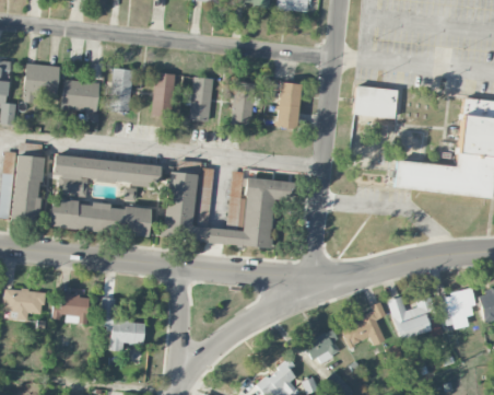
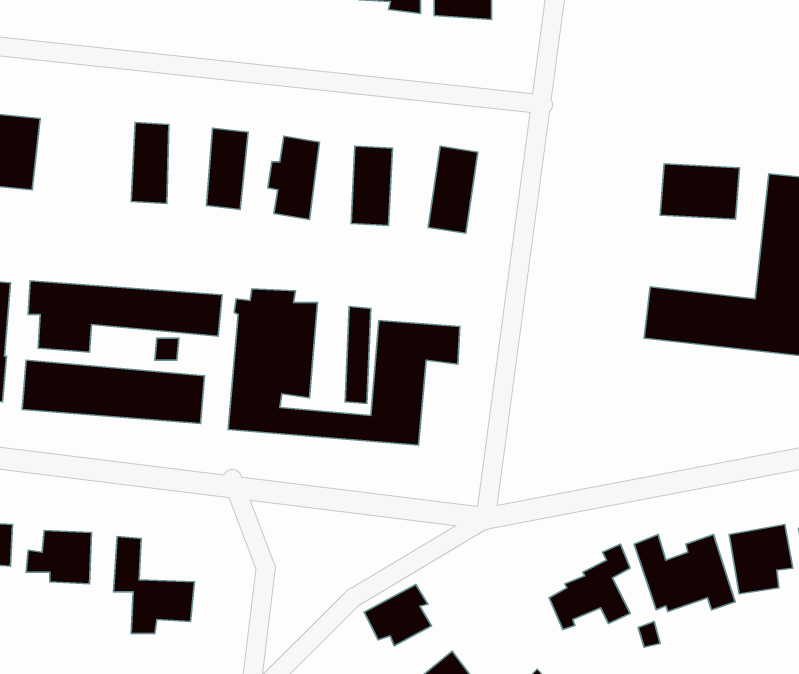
building: [62,80,102,105] -> none
building: [353,88,397,118] -> [660,164,739,219]
building: [304,329,341,363] -> [364,584,432,646]

